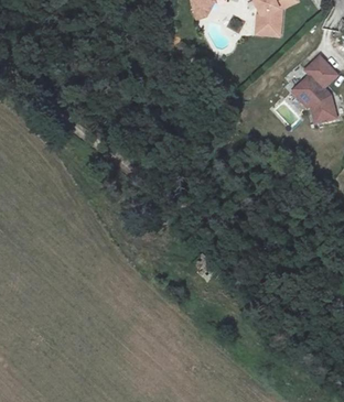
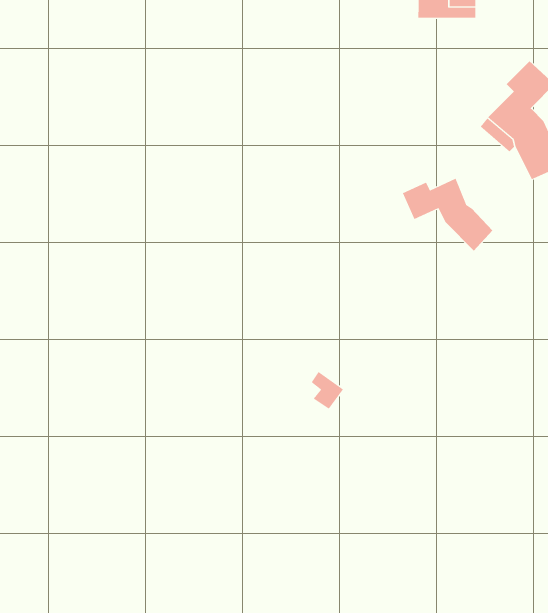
building: none -> [402,178,493,251]

